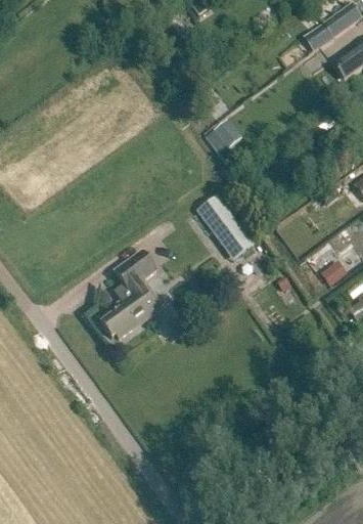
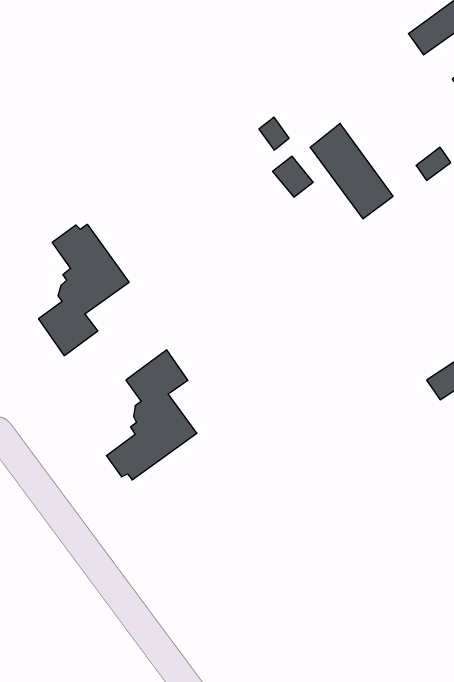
building: none -> [39,224,129,356]
building: [197,193,254,258] -> [310,123,393,219]

